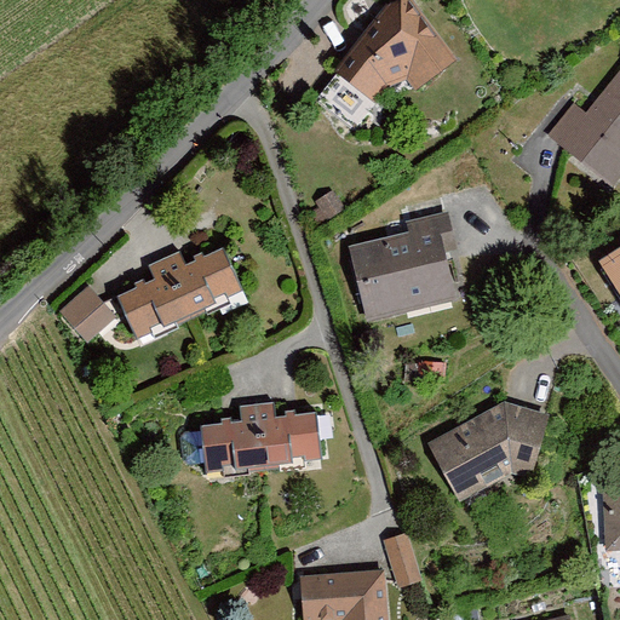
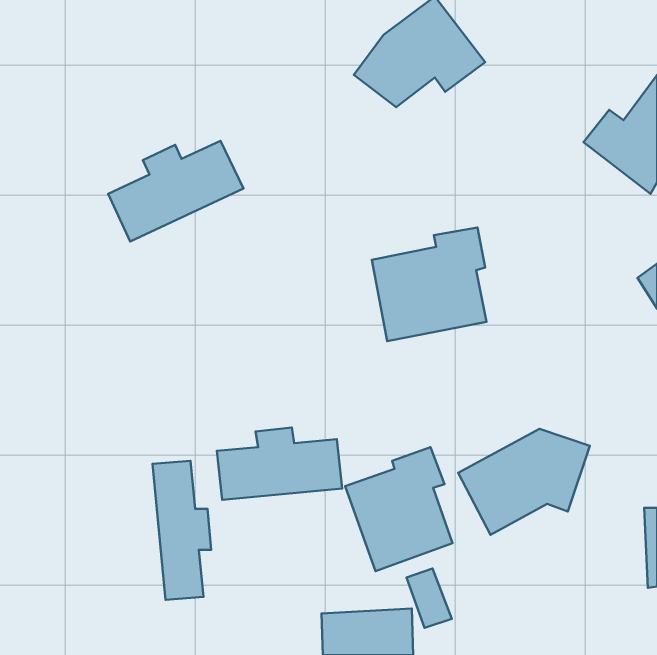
building: [116,246,243,340] -> [108,141,244,242]
building: [61,287,114,339] -> none
building: none -> [345,447,453,571]
building: none -> [153,461,211,600]

